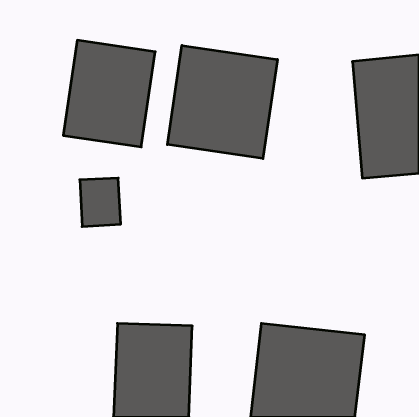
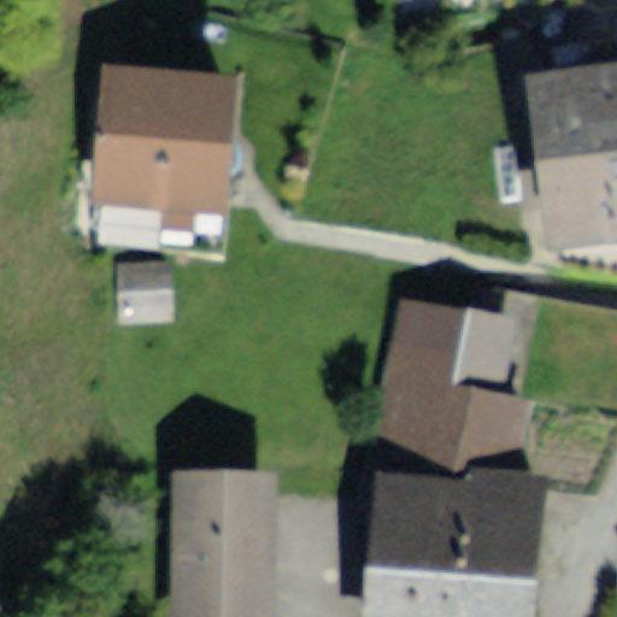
building: [167,45,277,159] -> none
building: none -> [383,307,541,492]

